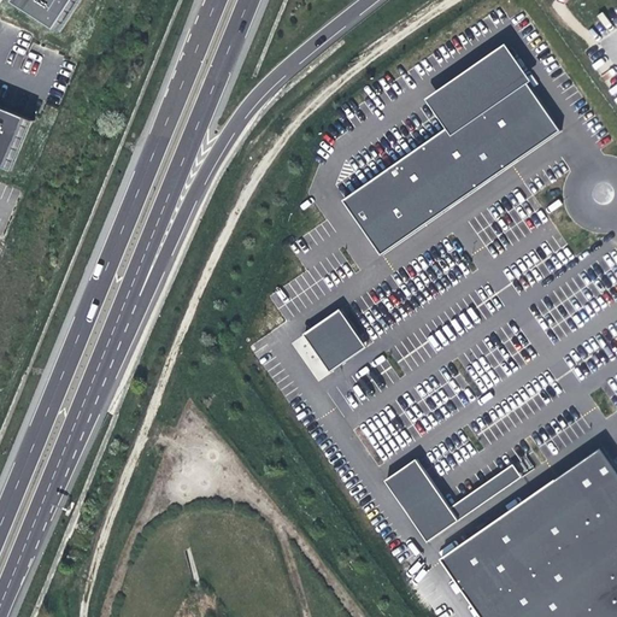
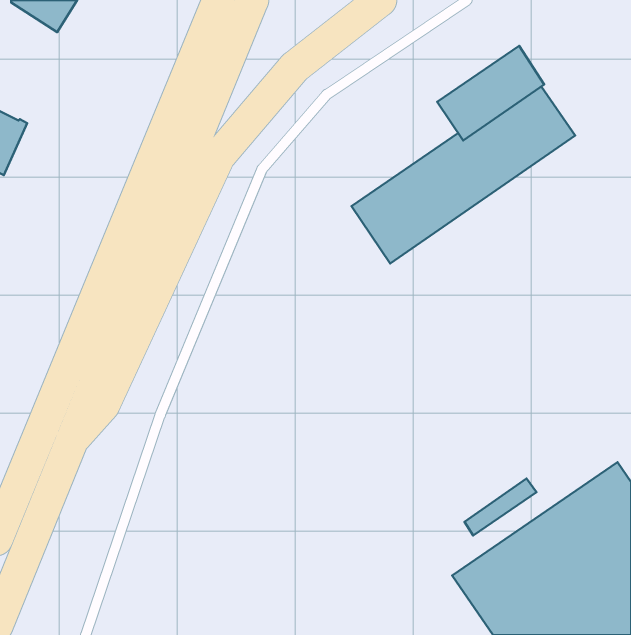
building: [302,311,363,372] -> none
building: [384,459,459,542] -> none

